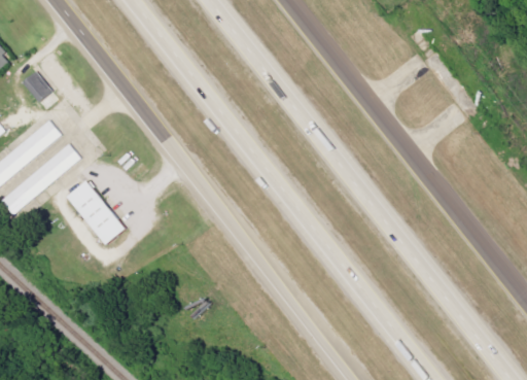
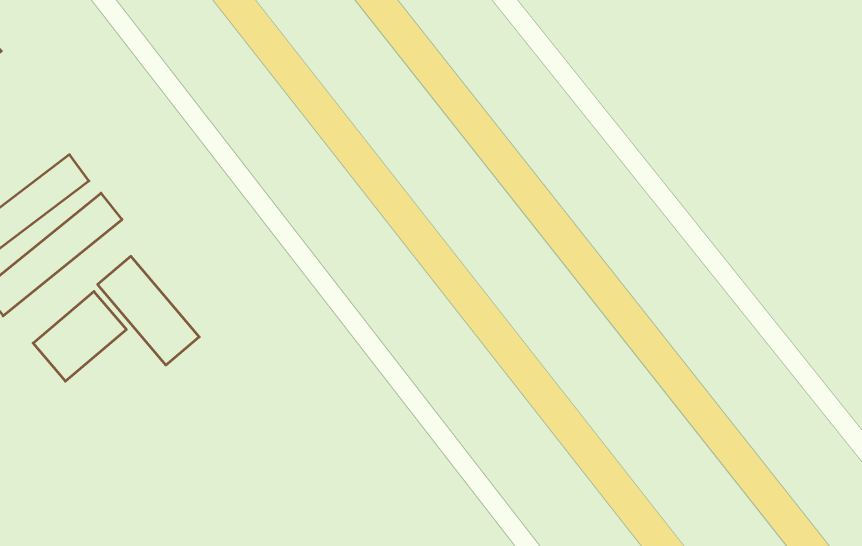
building: [22,71,49,102] -> none
building: none -> [33,291,126,381]

